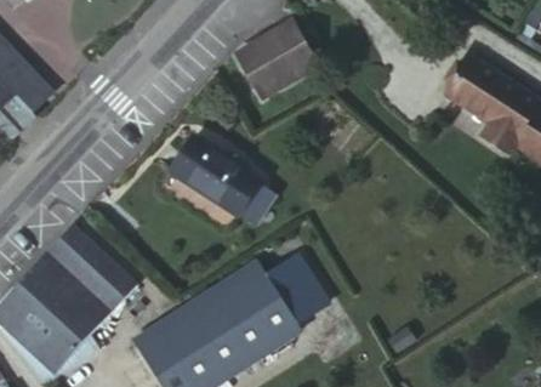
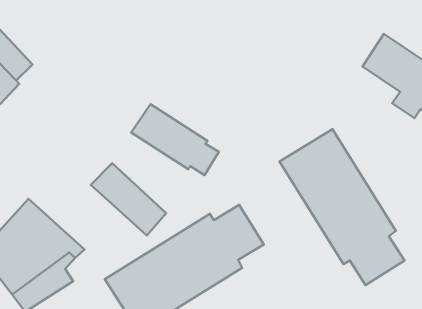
building: [237,21,315,95] -> none
building: none -> [280,129,405,285]
building: [46,224,136,311] -> [91,163,166,236]

